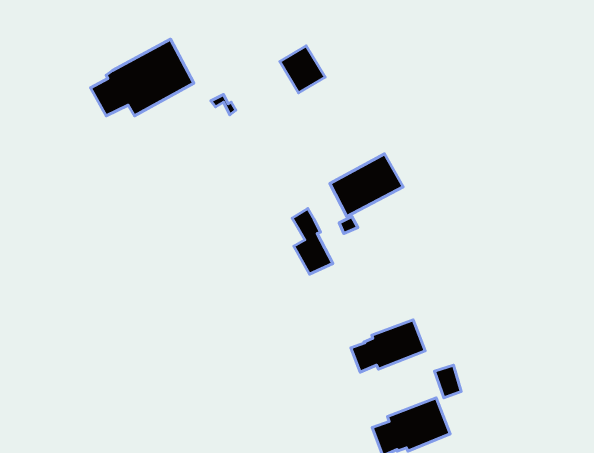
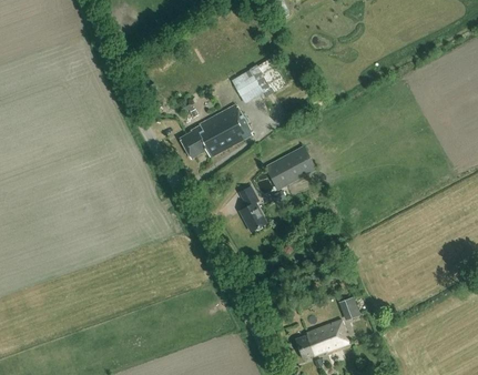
building: [91,39,194,116] -> [180,103,253,158]
building: [351,320,425,372] -> none

